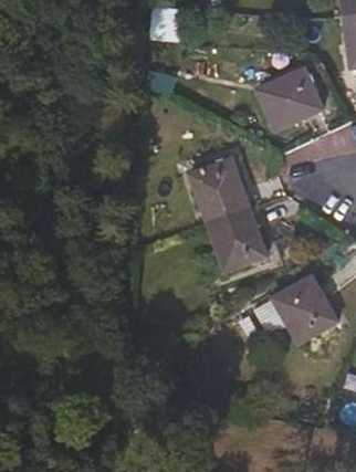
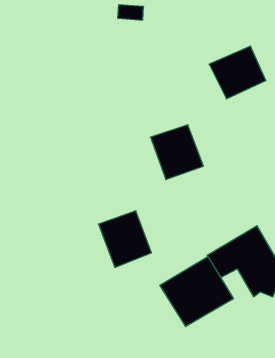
building: [206,207,266,272] -> [98,211,151,267]
building: none -> [160,257,233,327]

